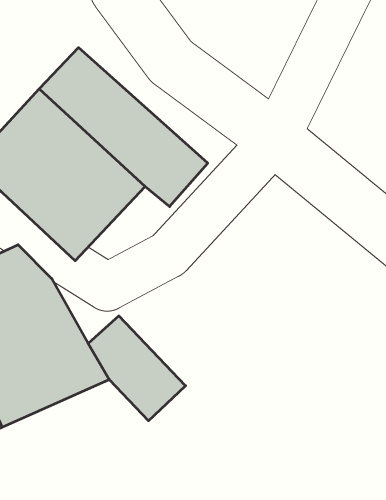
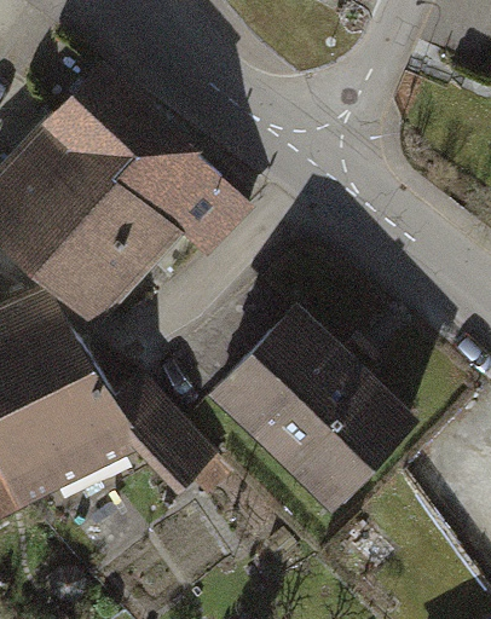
building: none -> [214,317,410,510]

